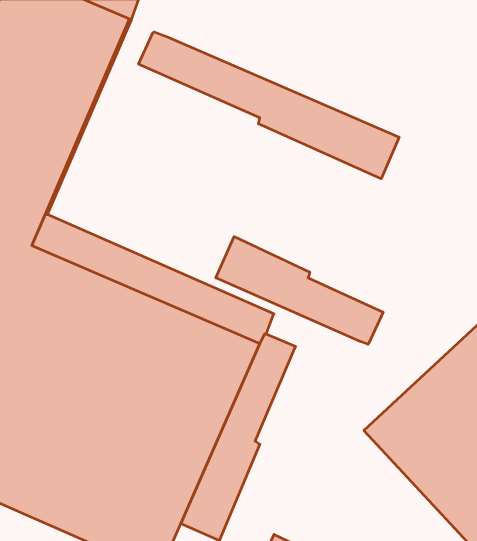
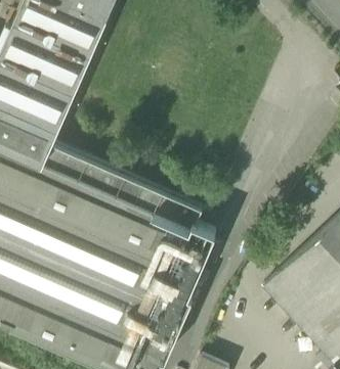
building: [139,32,399,179] -> none
building: [216,237,383,344] -> none

